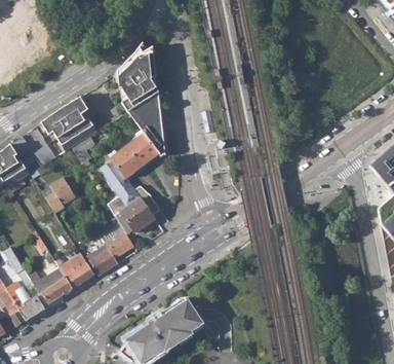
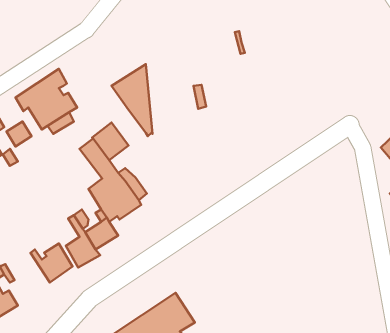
building: [117,46,159,112] -> none
building: [127,134,158,166] -> none
building: [44,178,75,213] -> none
building: [40,268,72,303] -> none

